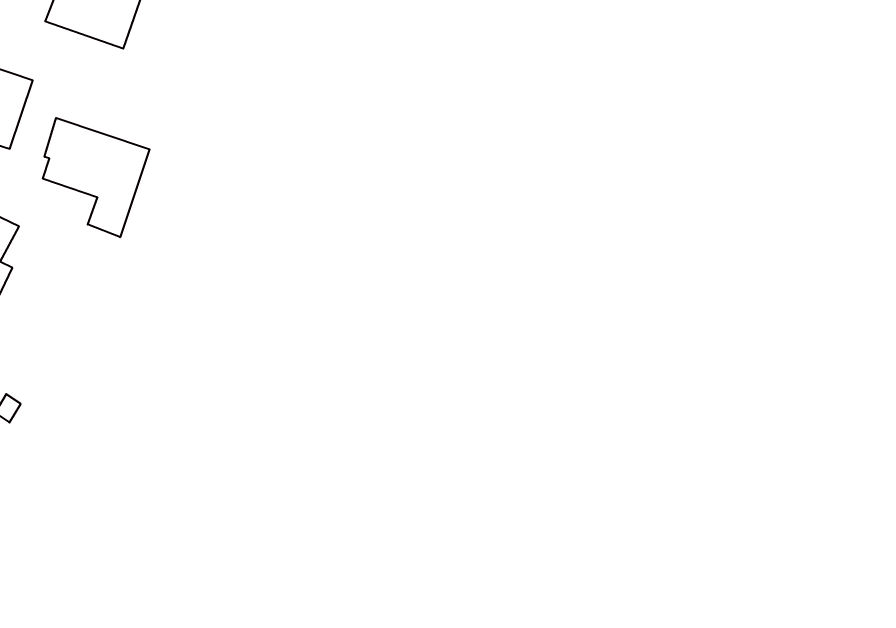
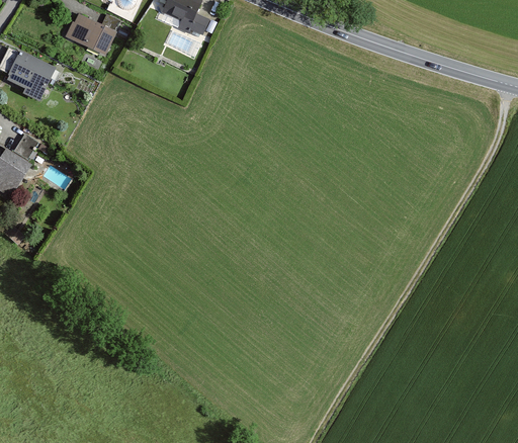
building: [43,118,150,237] -> none

